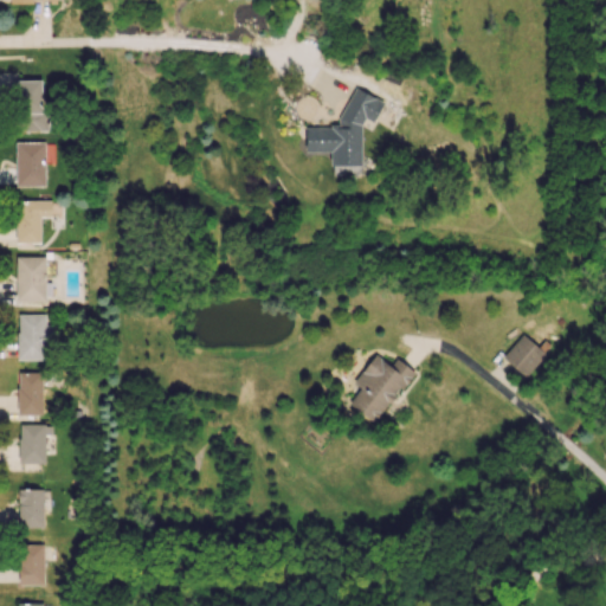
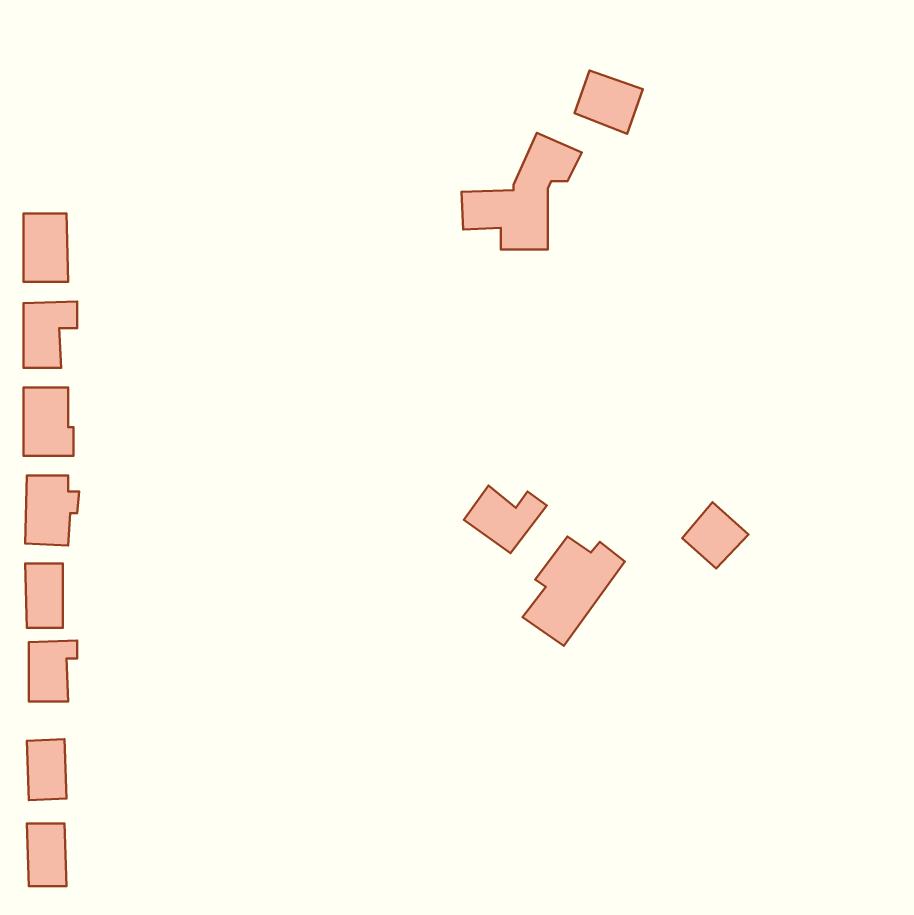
building: none -> [575,71,643,134]
building: [19,80,50,131] -> none
building: none -> [464,486,547,553]
building: [504,334,548,378] -> [682,502,749,569]

